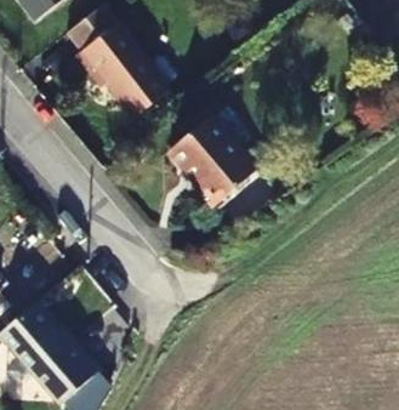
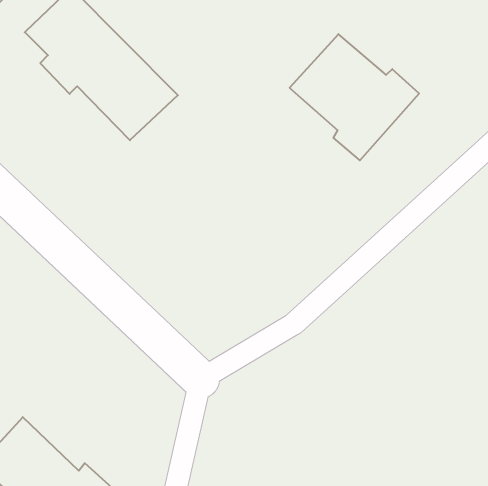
building: [169,116,260,207] -> [290,34,419,160]

